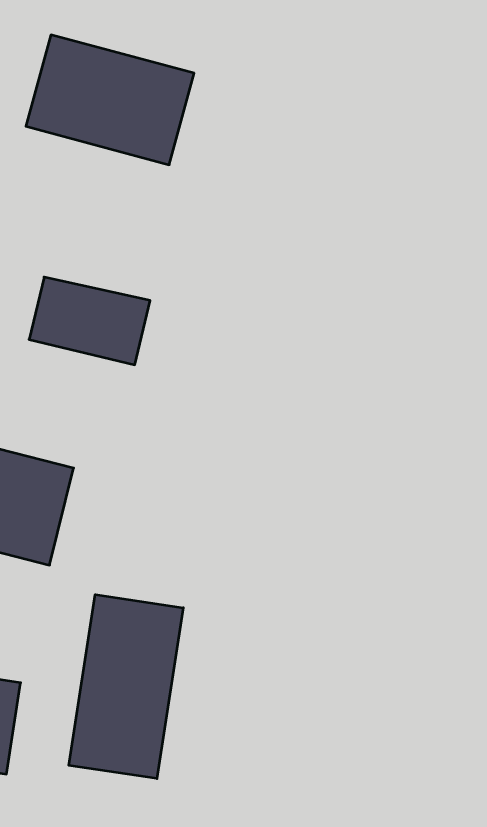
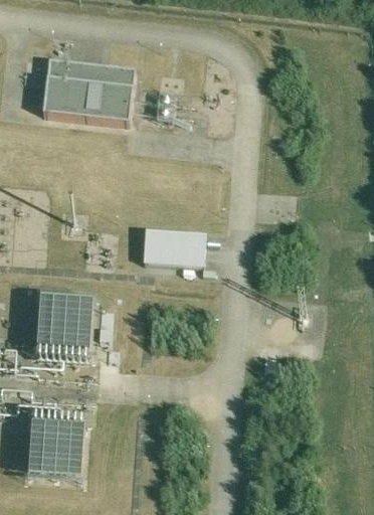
building: [29,277,150,365] -> [140,226,204,268]
building: [69,595,183,779] -> none

